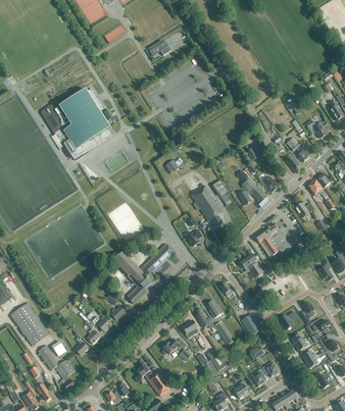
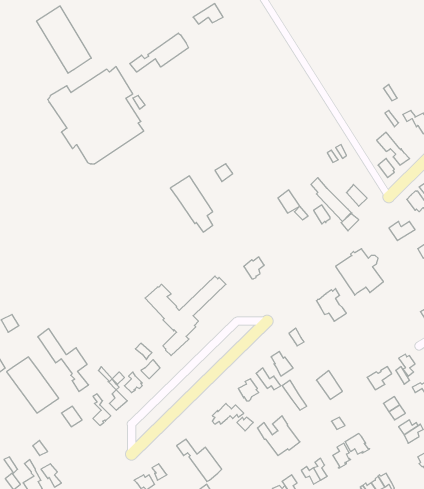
building: none -> [37,6,91,73]
building: none -> [130,33,188,72]
building: [191,185,223,226] -> [170,176,213,232]
building: [38,344,76,391] -> [38,329,89,392]

